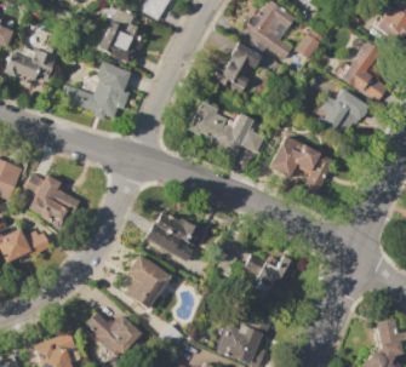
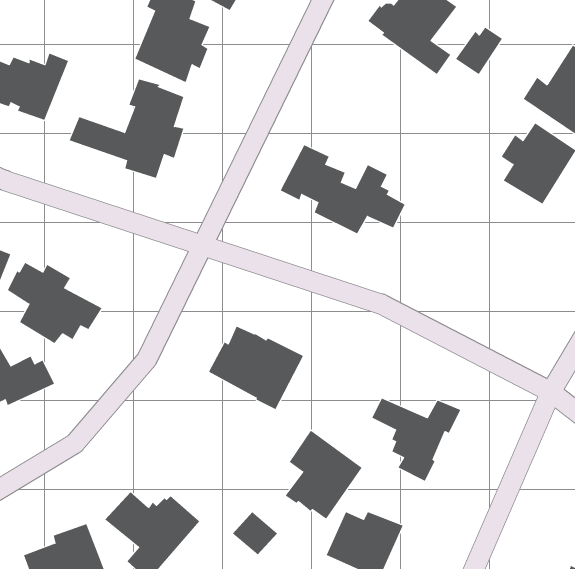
building: [215,41,262,93] -> none
building: [269,134,332,191] -> none
building: [124,253,171,308] -> [285,430,362,520]

